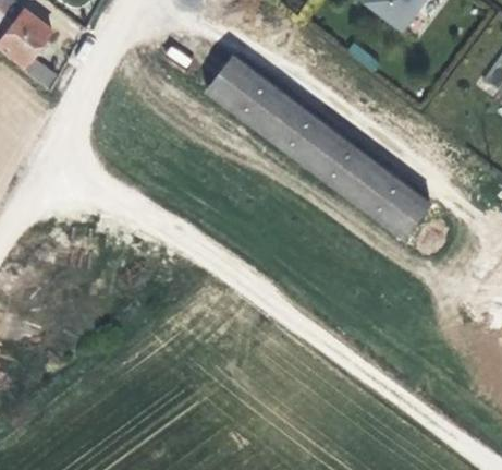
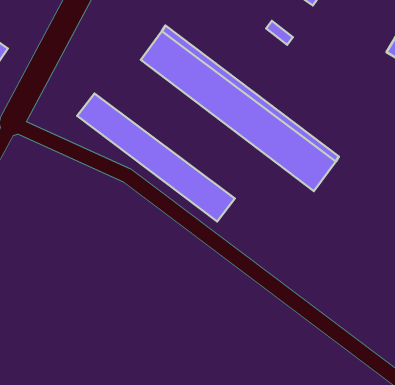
building: none -> [77,94,235,222]

